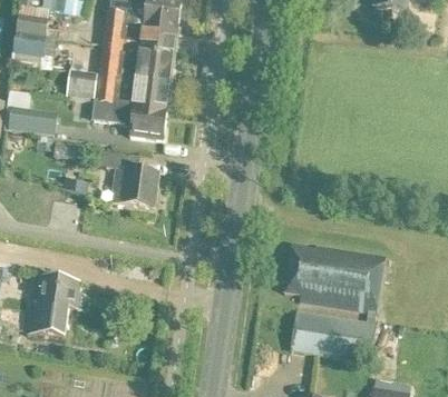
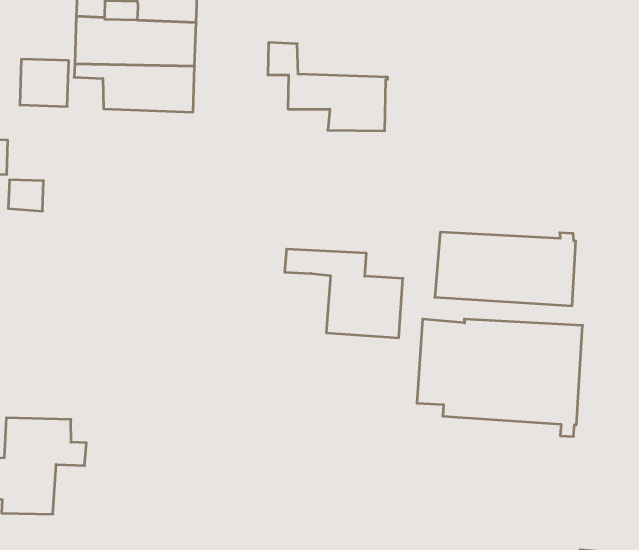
building: [97,81,167,139] -> [268,43,388,131]
building: [90,149,159,207] -> [285,249,403,338]
building: [289,310,374,360] -> [435,232,576,306]

